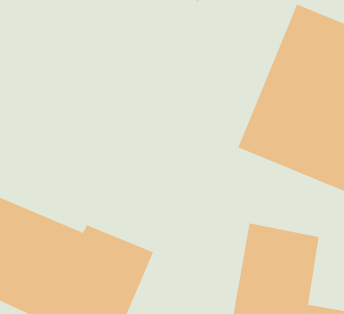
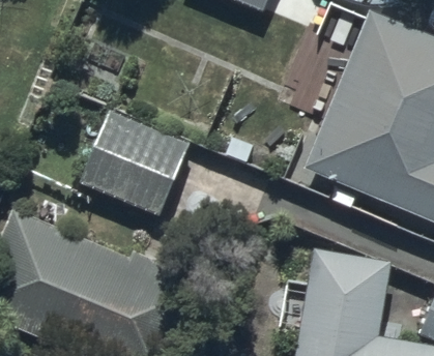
building: none -> [80,110,187,211]

